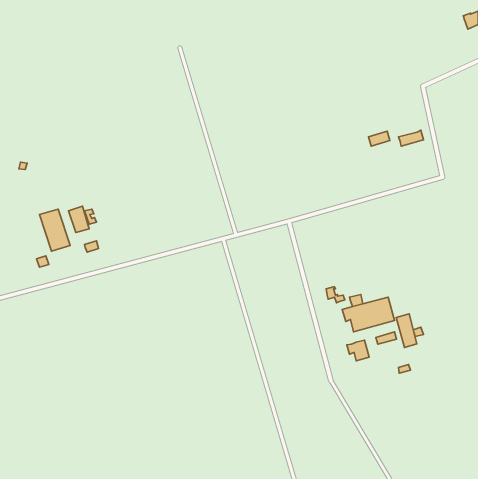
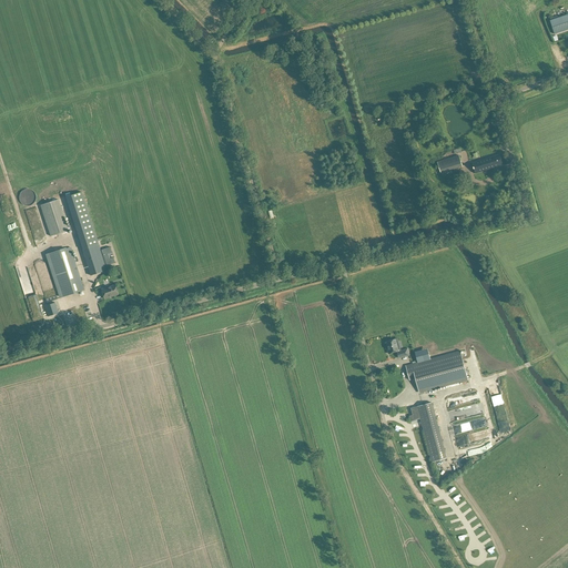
building: none -> [39,200,72,236]
building: [396,314,417,348] -> [422,423,446,463]

